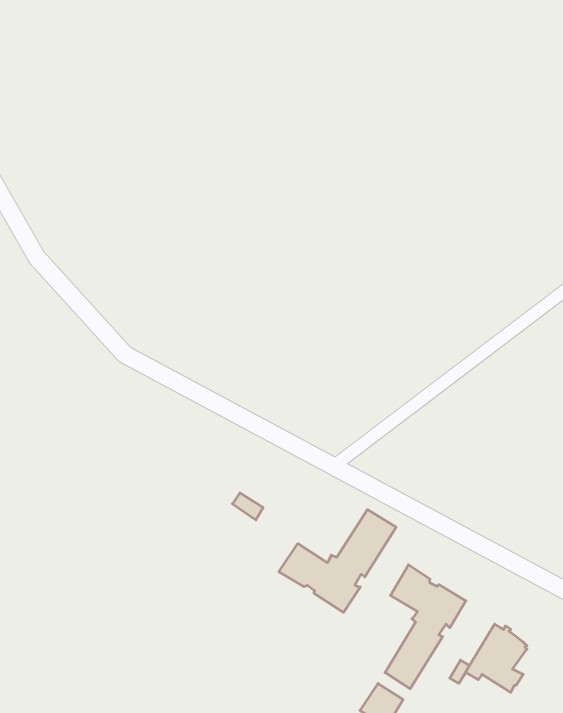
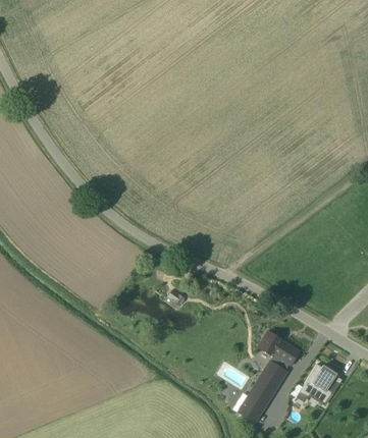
building: [279,510,396,612] -> none

